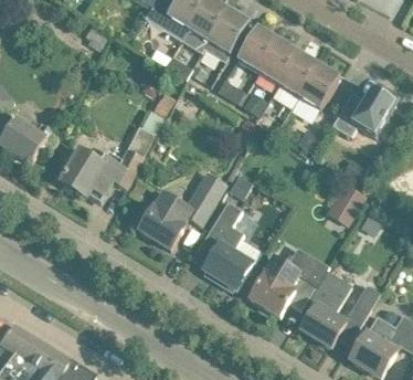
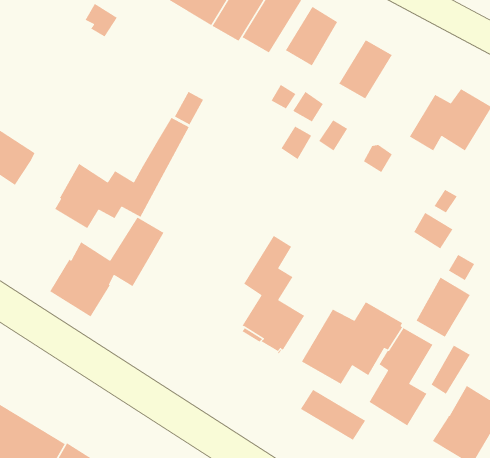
building: [258,36,299,84] -> none
building: [299,62,341,109] -> none
building: [138,171,226,249] -> [49,217,164,318]
building: none -> [415,277,471,338]
building: none -> [300,389,366,441]

